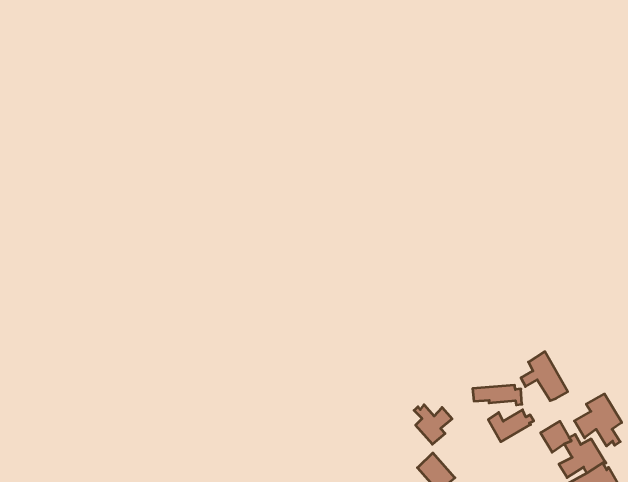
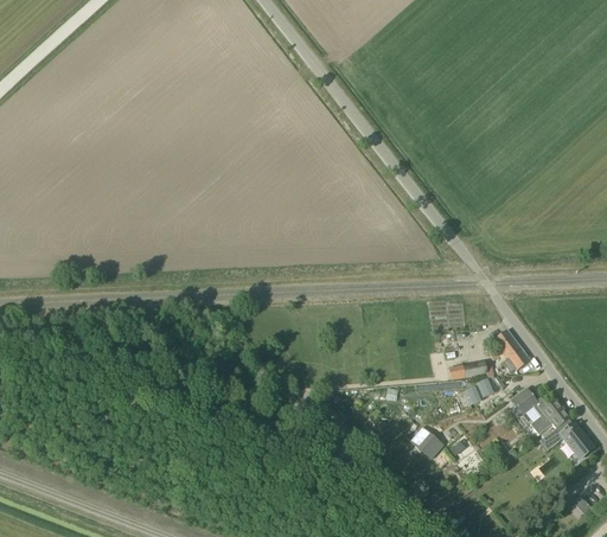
building: [574,394,622,446] -> none
building: [414,405,452,444] -> none

